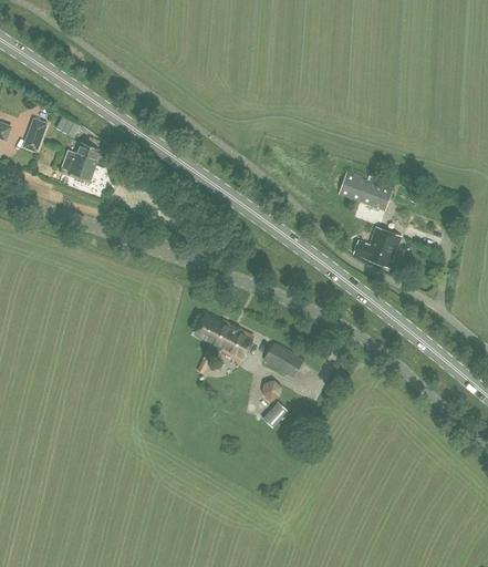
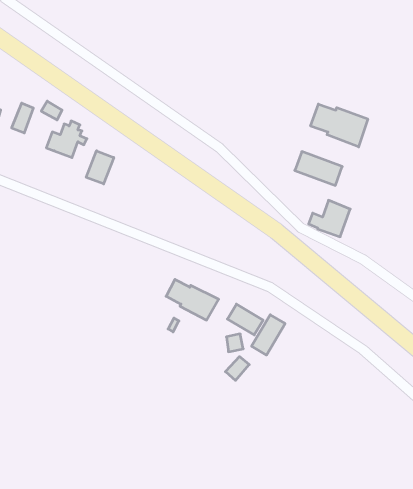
building: none -> [311,104,368,147]
building: none -> [86,151,114,184]
building: none -> [252,315,285,355]

